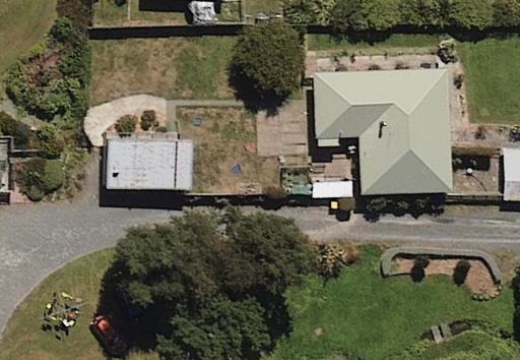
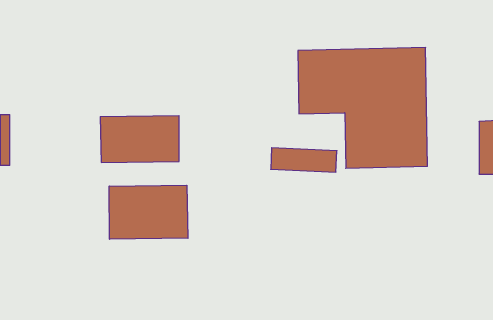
building: none -> [109,185,188,239]

